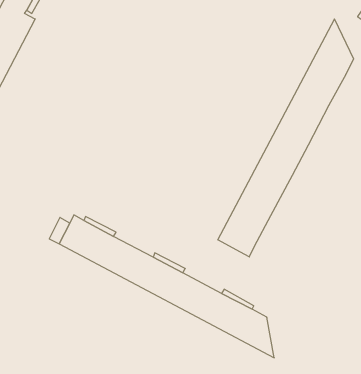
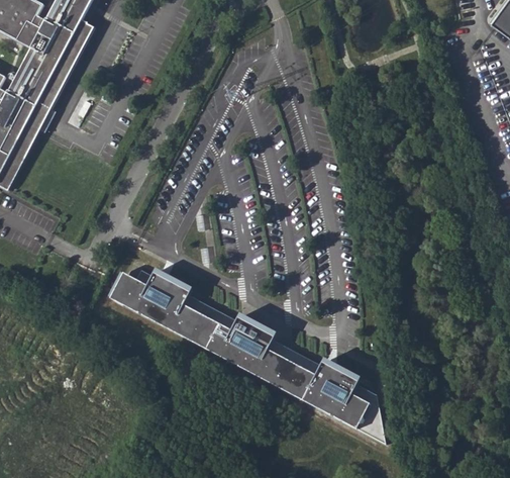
building: [218,19,354,257] -> none

